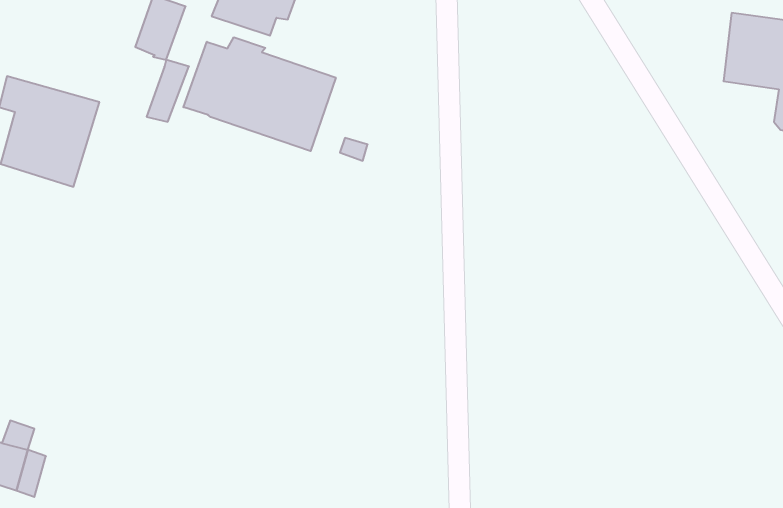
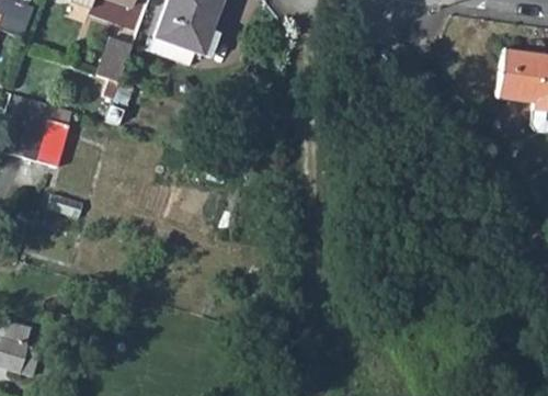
building: [183,37,336,151] -> none

